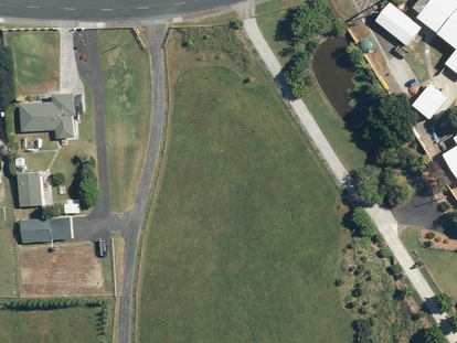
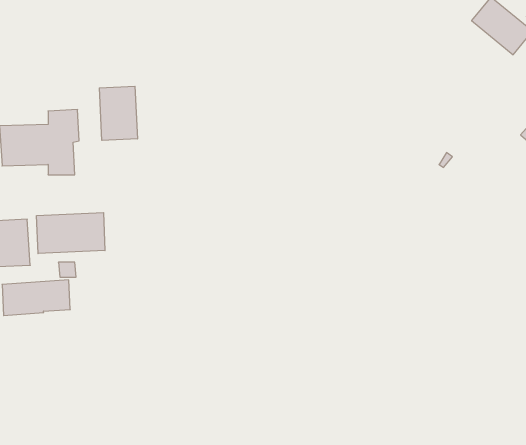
building: none -> [99,86,137,140]
building: none -> [37,213,105,254]

